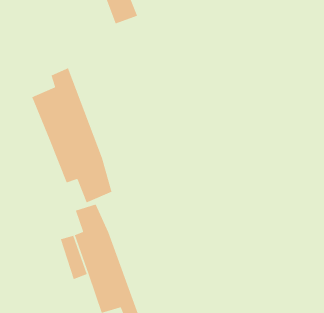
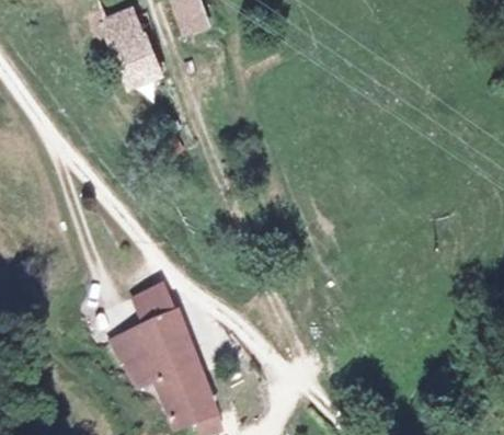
building: none -> [106,20,169,102]
building: [31,67,112,203] -> none

